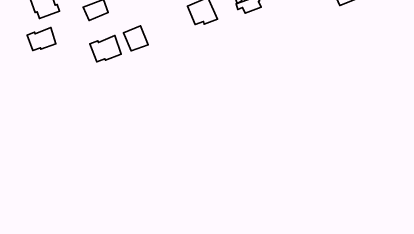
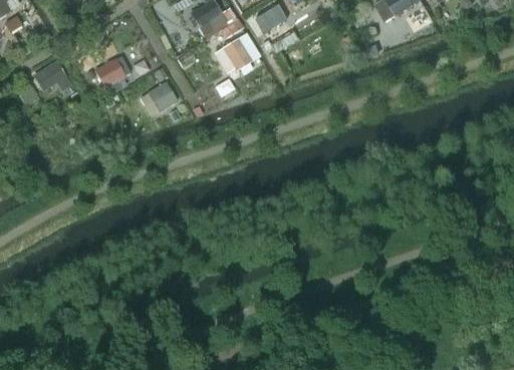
building: [27,28,56,51] -> none
building: [90,36,121,62] -> none

